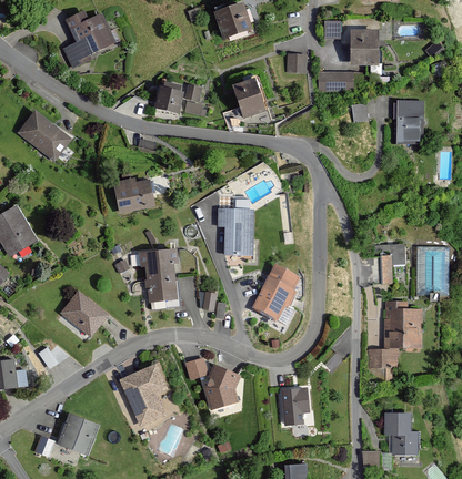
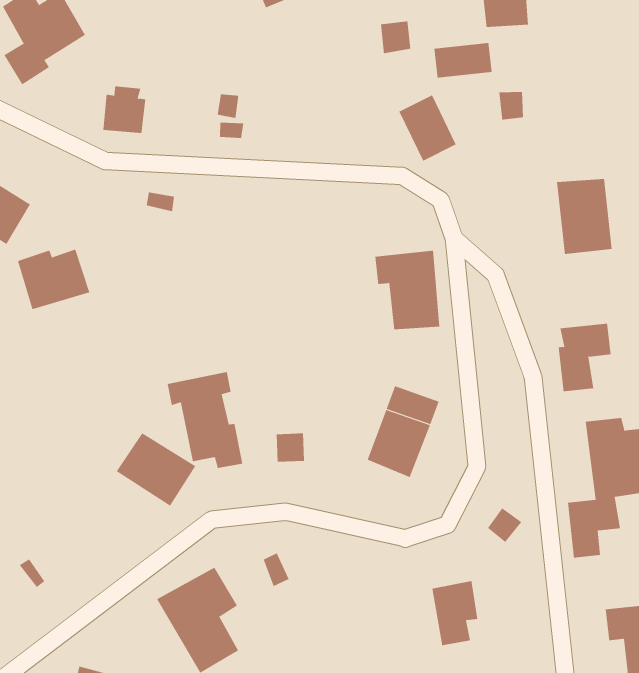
building: [232,79,264,118] -> [398,95,457,161]
building: [154,82,182,112] -> [102,86,146,134]
building: [393,100,422,143] -> [556,179,612,254]
building: [113,179,154,213] -> [17,249,90,310]
building: [218,208,253,254] -> [374,250,440,330]
building: [60,291,108,336] -> [116,433,196,507]
building: [203,365,239,409] -> none

